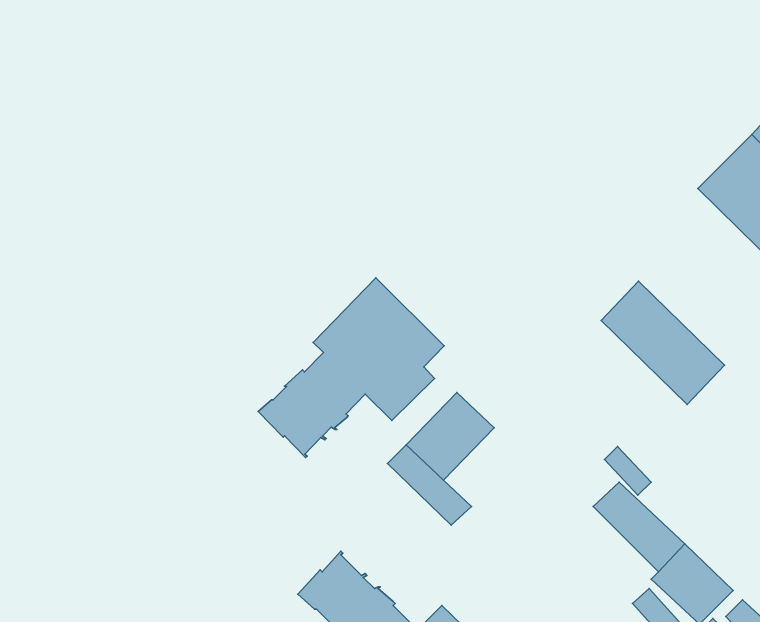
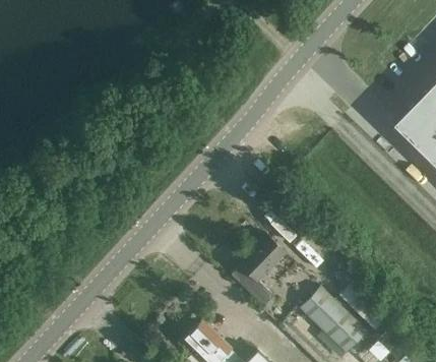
building: [258,278,444,458] -> none
building: [601,281,725,405] -> [300,287,367,354]

